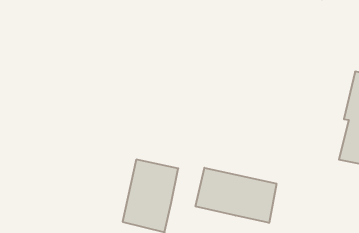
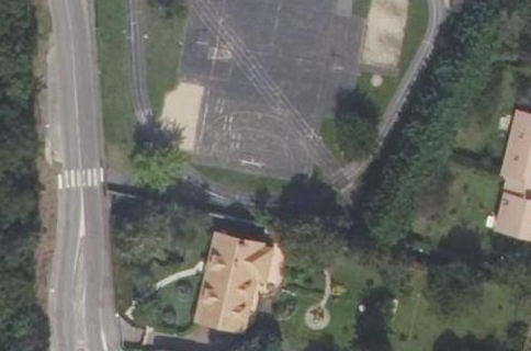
building: [196,168,276,223] -> none

